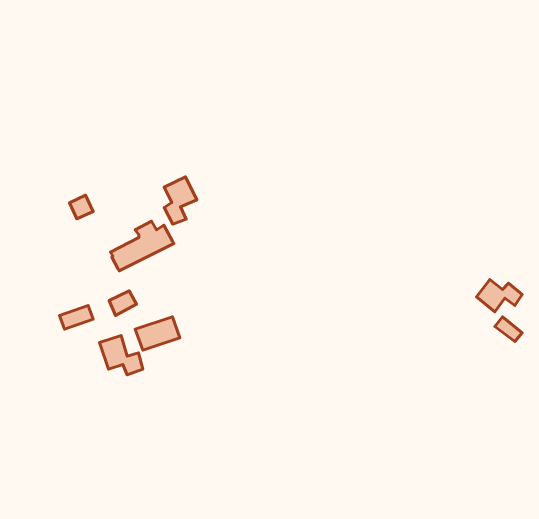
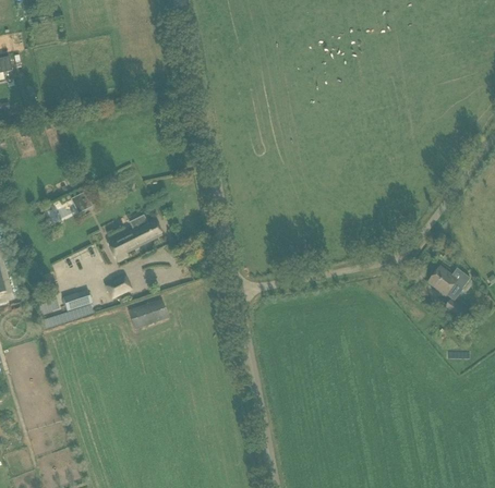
building: [164,177,197,224] -> none
building: [100,335,143,375] -> none

